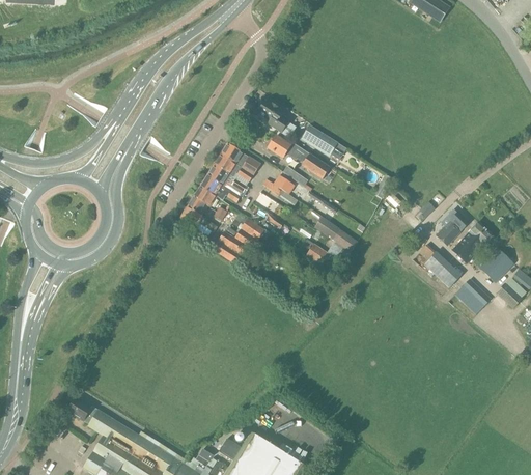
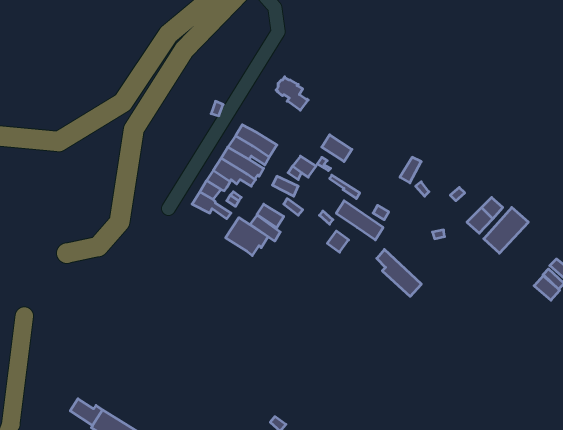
building: [301,127,345,160] -> none
building: [268,136,308,163] -> none
building: [419,245,460,288] -> [377,249,421,296]
building: [479,249,513,282] -> none
building: [454,279,491,315] -> none

